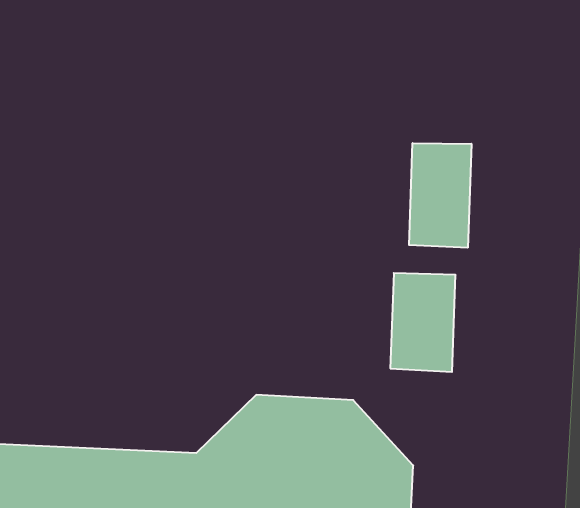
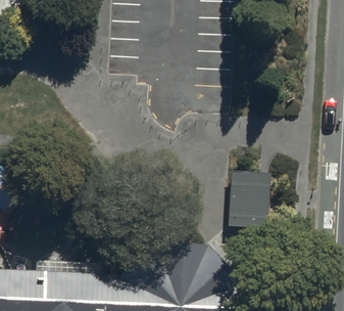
building: [409,143,471,248] -> none

